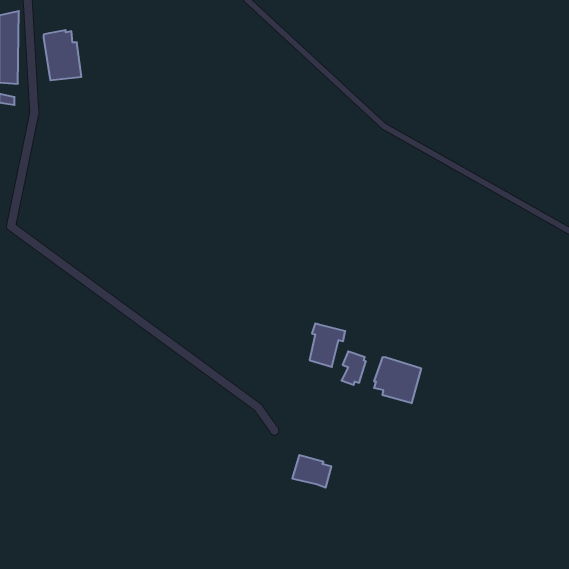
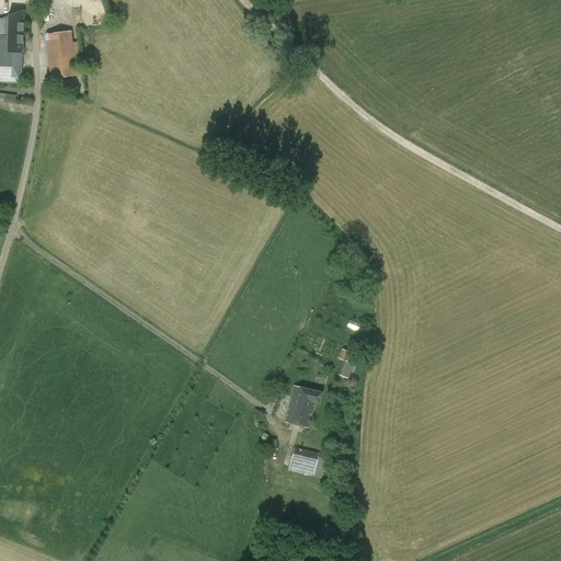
building: [310,323,345,367] -> [285,385,320,427]
building: [374,357,421,403] -> none

